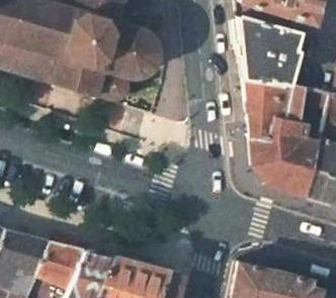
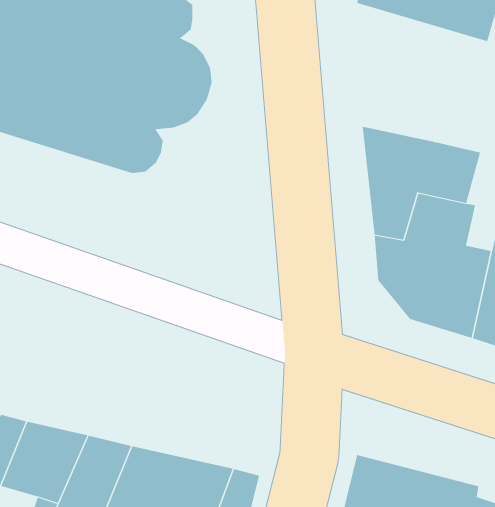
building: [237,16,296,83] -> none

